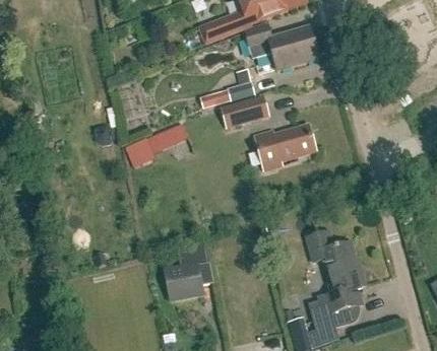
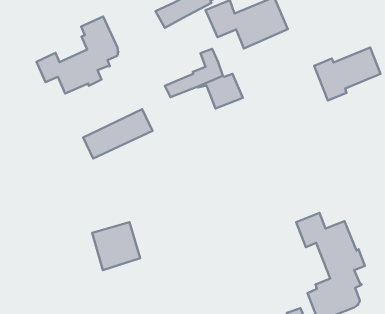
building: none -> [36,16,119,93]
building: [255,125,316,169] -> [314,48,381,100]
building: [164,261,205,302] -> [92,222,140,270]

